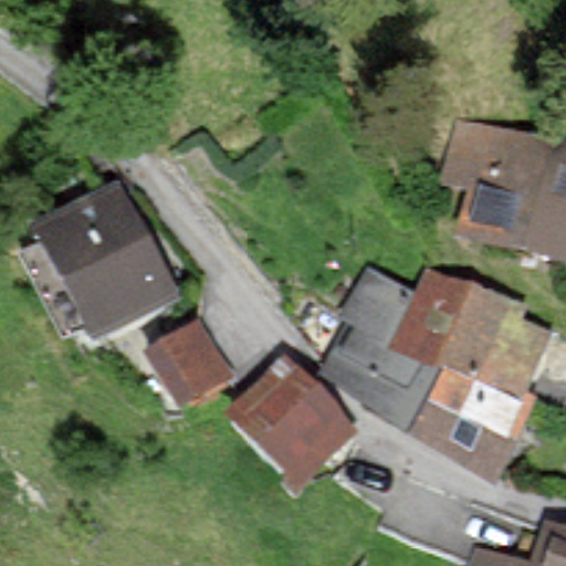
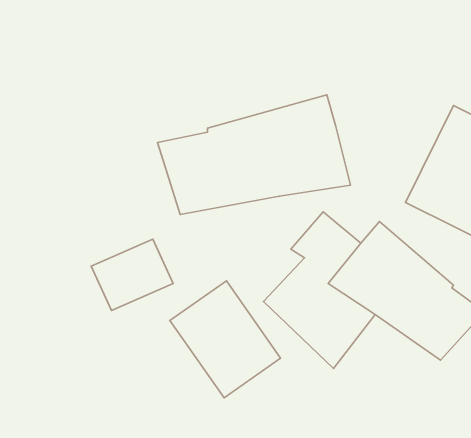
building: none -> [158,95,350,215]
building: [41,190,176,340] -> none
building: [411,359,533,469] -> none

